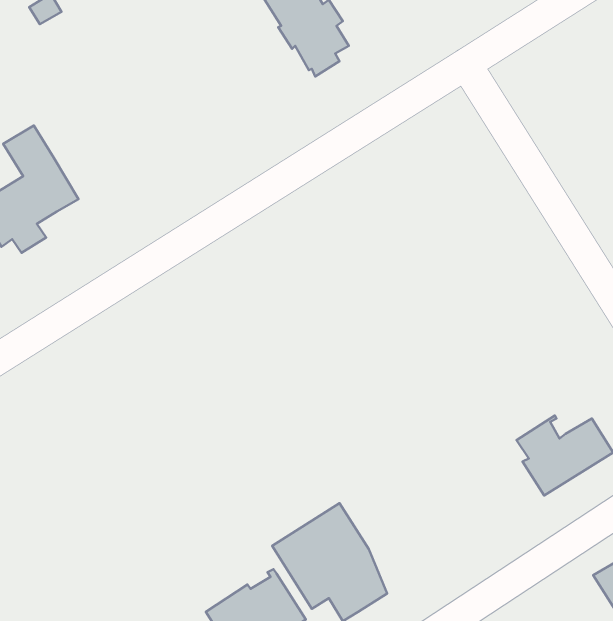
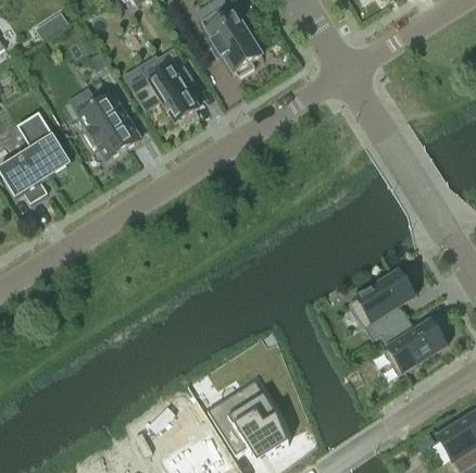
building: none -> [131,46,198,123]
building: none -> [77,91,139,157]
building: none -> [348,267,416,338]

